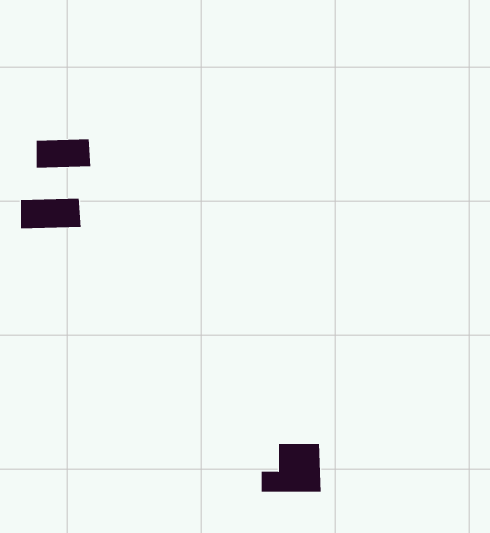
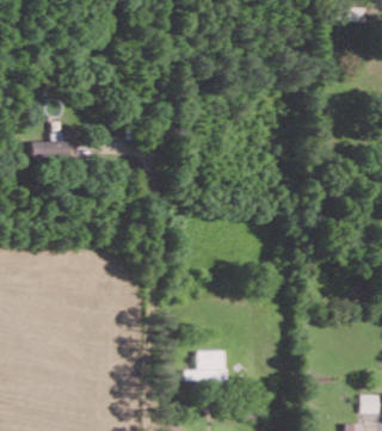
building: [20,198,81,229] -> none

